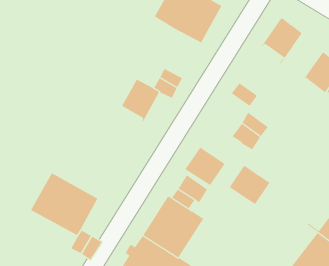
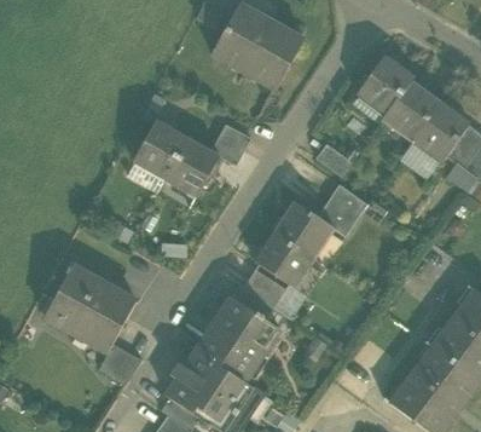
building: none -> [383,81,440,140]
building: none -> [133,121,187,180]
building: [229,165,270,205] -> [273,201,329,255]

